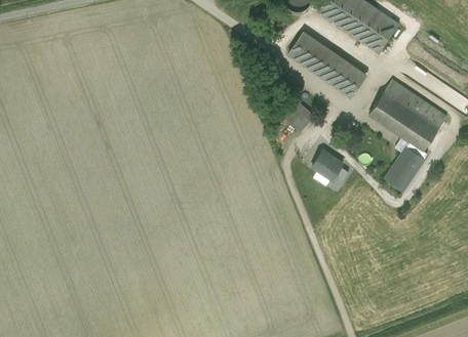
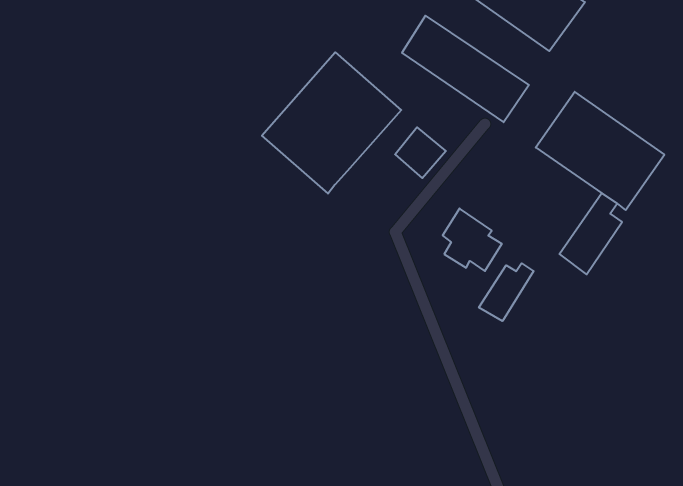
building: none -> [262,52,401,194]
building: none -> [479,263,534,321]

